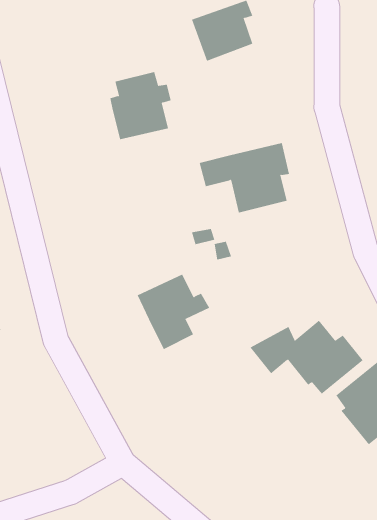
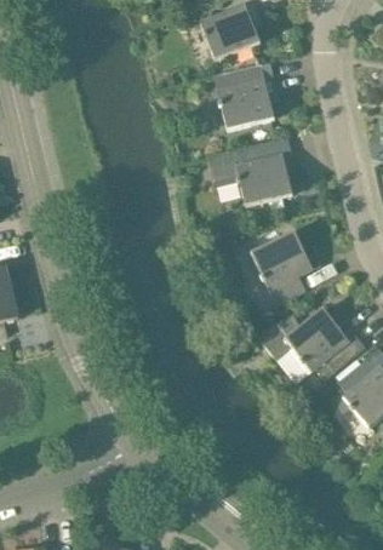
building: [109,71,171,140] -> [216,64,275,130]
building: [137,274,210,350] -> [250,231,320,304]

